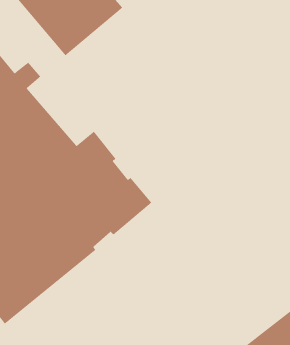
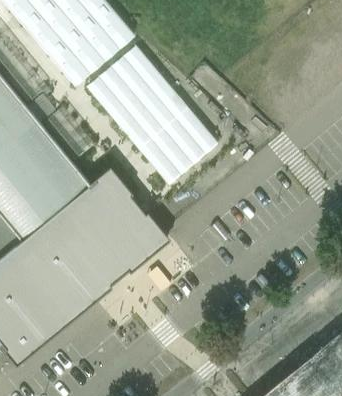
building: none -> [84,48,218,188]

